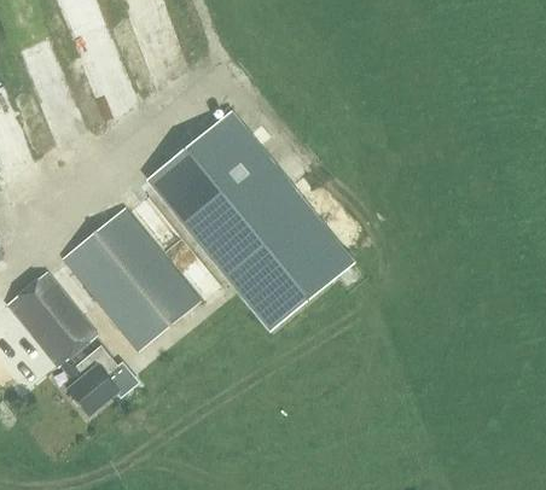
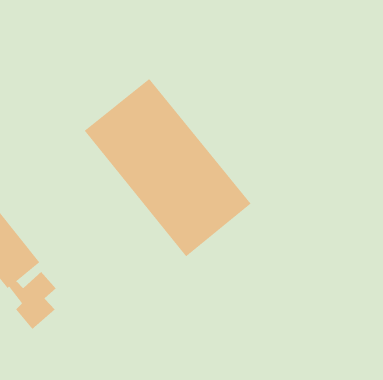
building: [64,209,201,350] -> none

